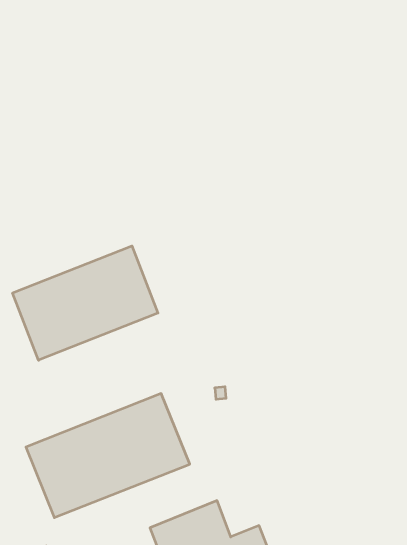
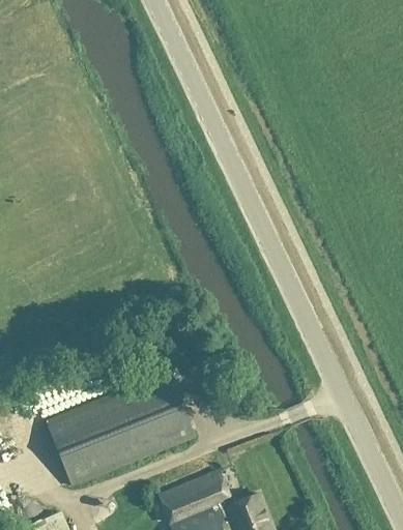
building: [13,246,158,360] -> none

